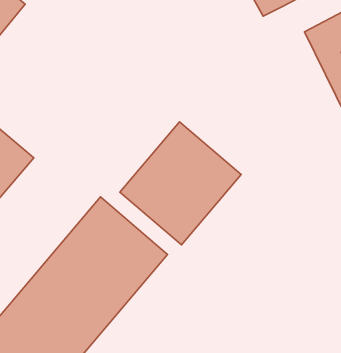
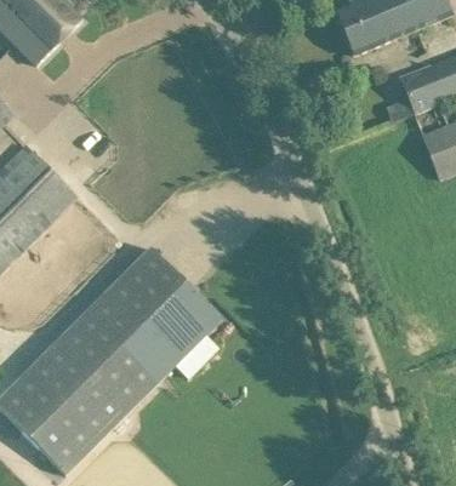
building: [120,122,241,245] -> none

